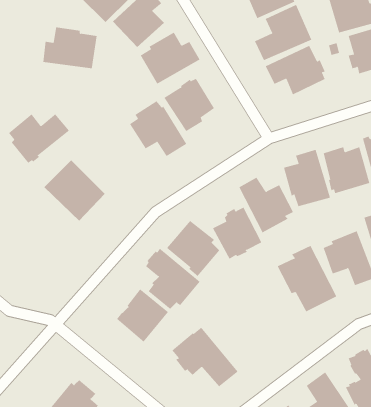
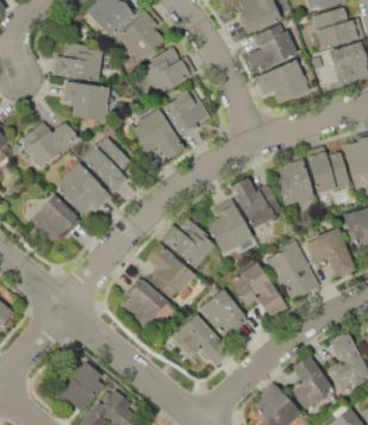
building: none -> [62,80,108,120]
building: none -> [82,137,130,192]
building: none -> [30,194,81,242]
building: none -> [229,262,286,317]
building: none -> [198,288,248,335]

